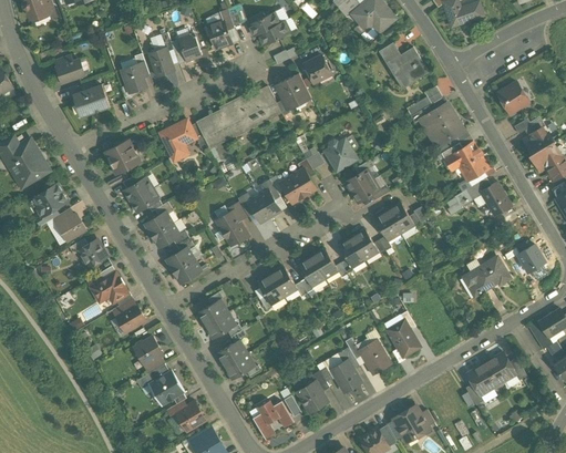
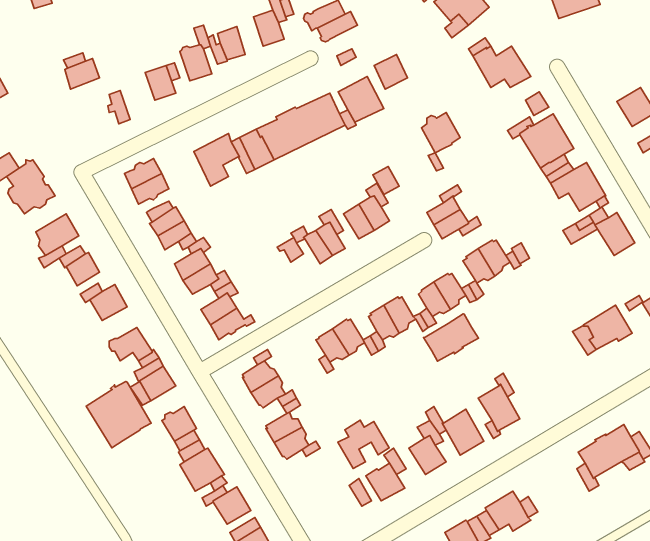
building: [72,87,100,117] -> none
building: [325,138,356,171] -> [421,113,460,153]
building: [217,212,246,244] -> none
building: none -> [423,314,478,361]
building: none -> [86,381,151,448]
building: [251,400,292,439] -> [338,420,389,469]

